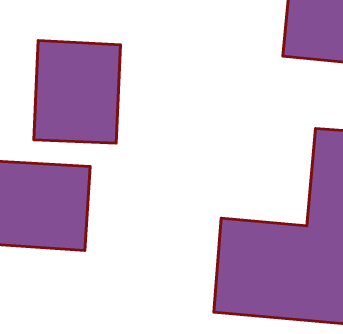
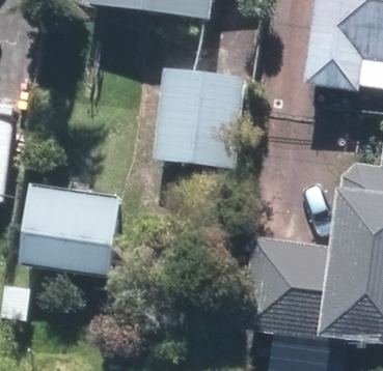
building: [34,41,120,143] -> [157,67,240,166]

